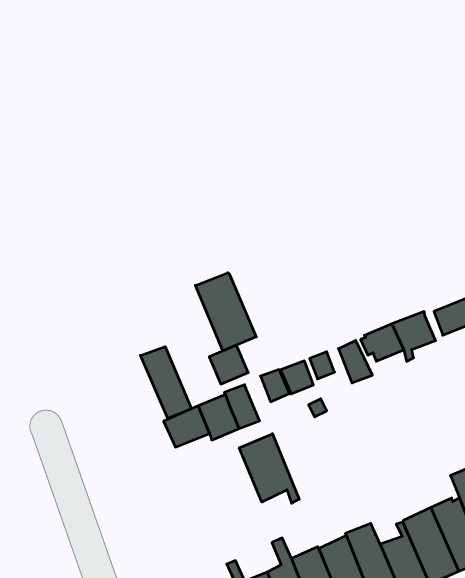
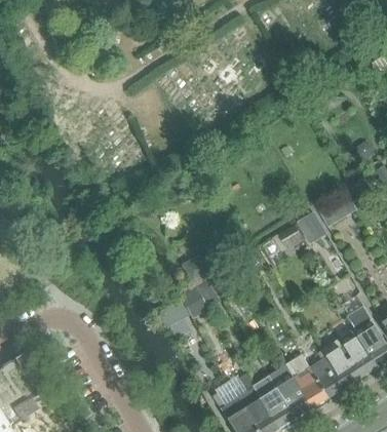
building: [195,273,256,351] -> none
building: [140,347,191,419] -> none
building: [239,434,299,503] -> none

